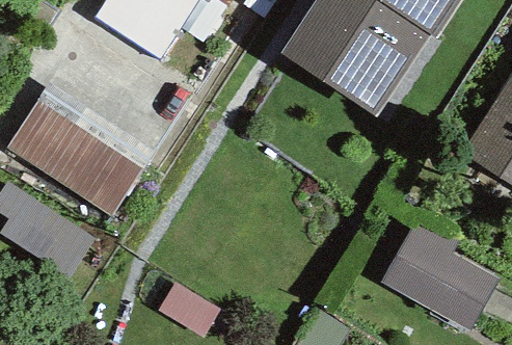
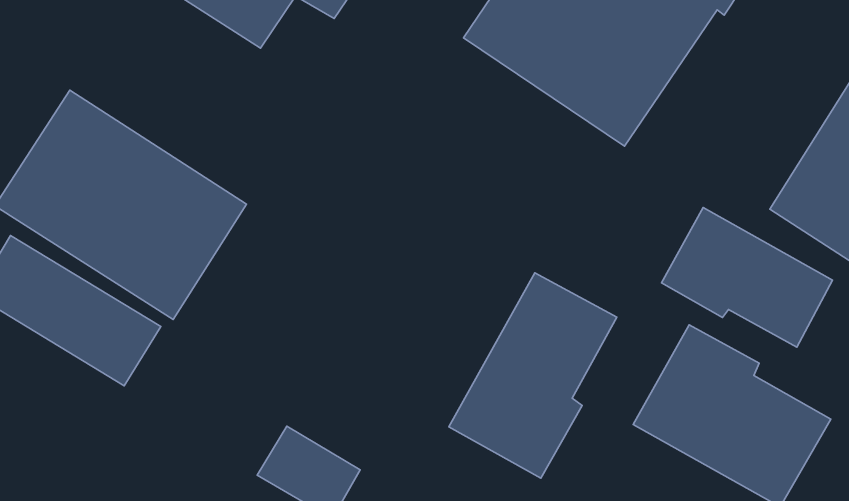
building: none -> [661,208,833,347]
building: none -> [449,273,617,478]

